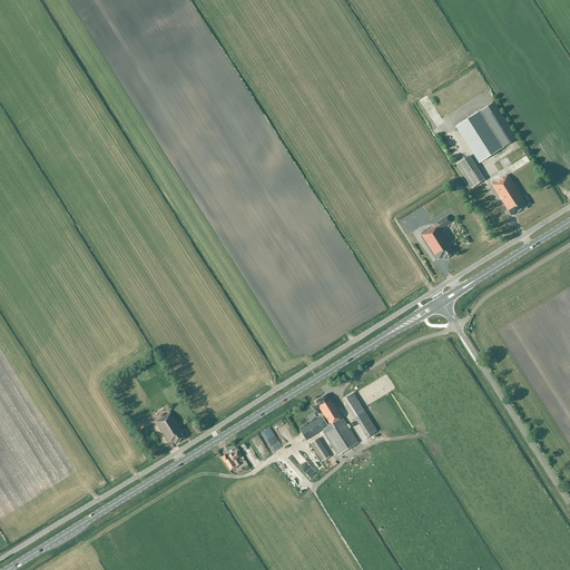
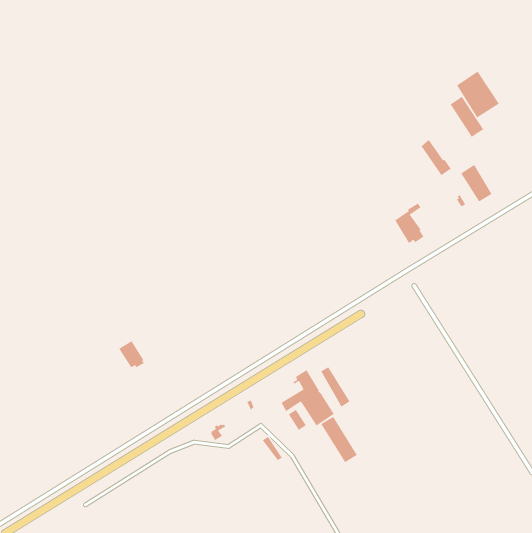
building: [455,111,502,163] -> [456,71,500,119]
building: [155,413,184,443] -> [118,340,145,368]
building: none -> [320,416,358,463]

